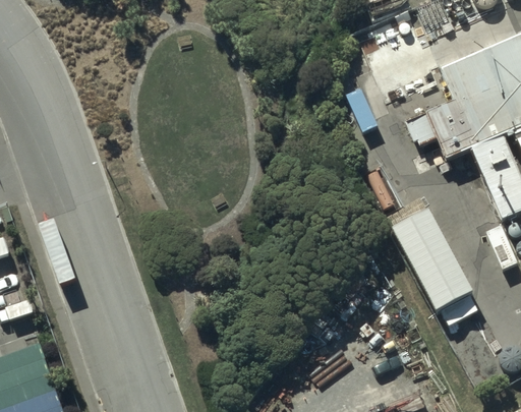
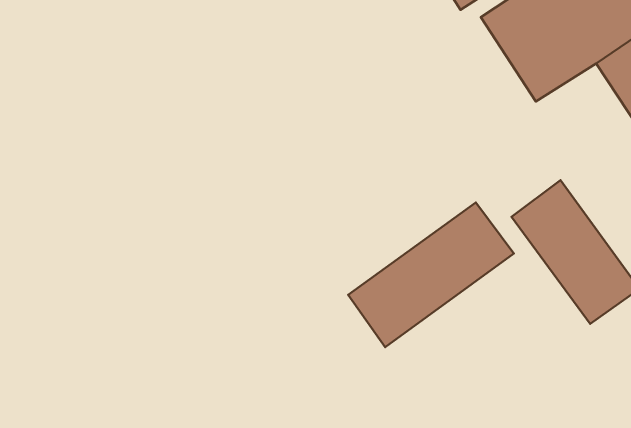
building: none -> [348,203,514,347]

